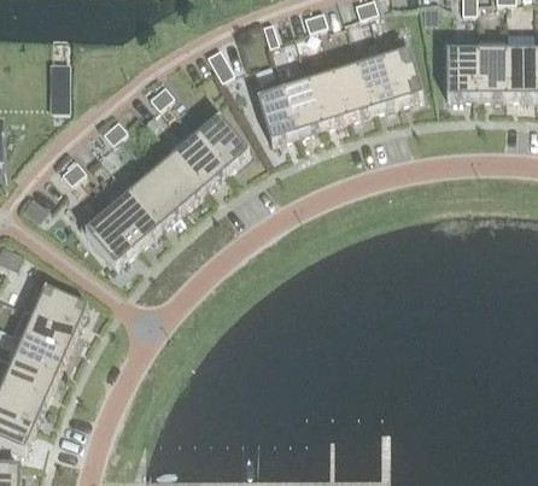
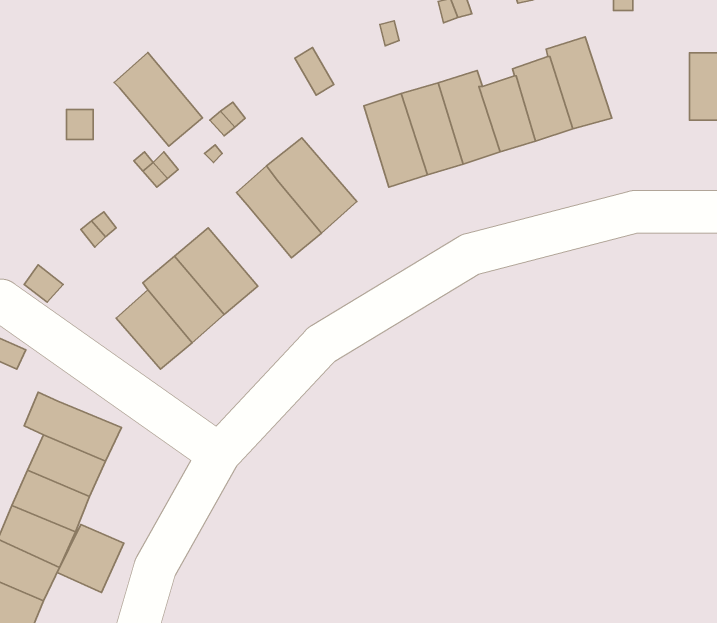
building: [446,41,479,99] -> none
building: [145,148,205,212] -> [114,52,203,146]
building: none -> [57,524,124,593]

